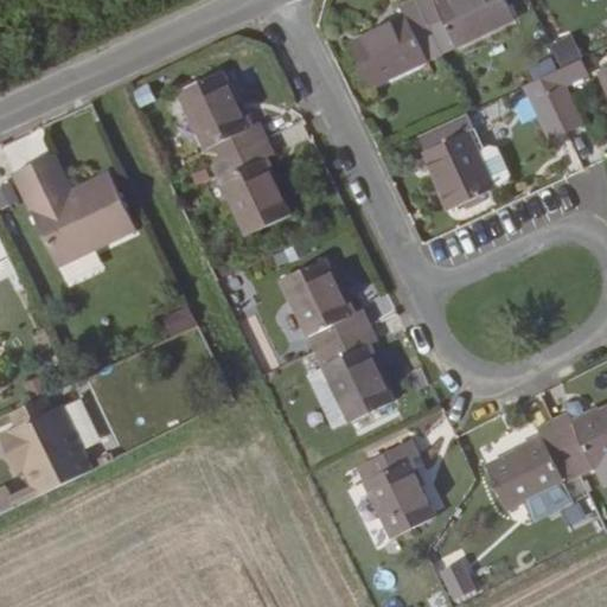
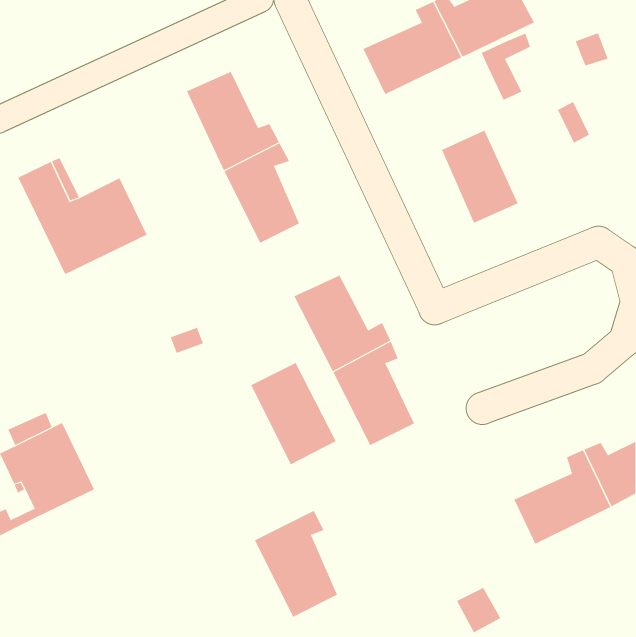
building: [538,64,586,128] -> [481,33,531,100]
building: none -> [251,362,337,465]
building: [357,440,436,542] -> [254,510,338,617]

